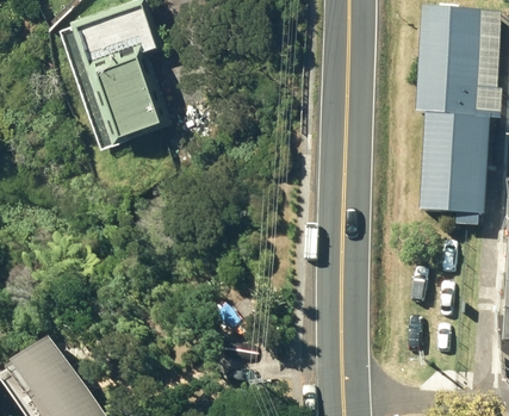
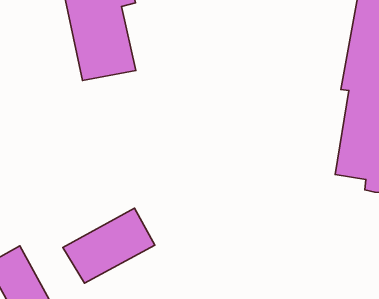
building: none -> [63,208,155,283]

